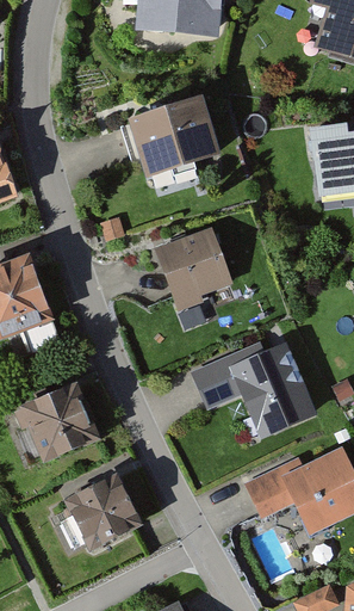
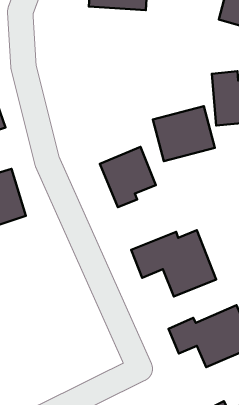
building: [128,98,215,175] -> [153,106,215,161]
building: [17,387,93,463] -> none
building: [63,475,142,550] -> none

